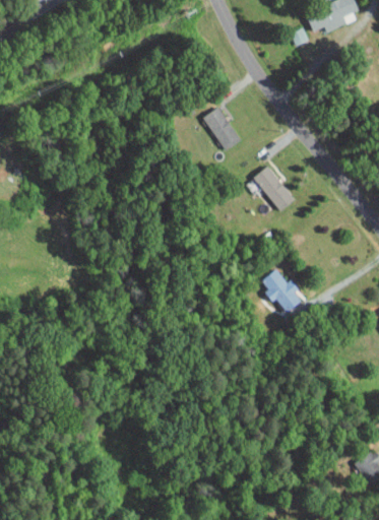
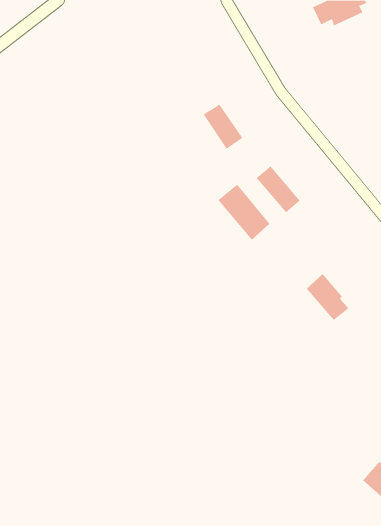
building: none -> [217,184,270,240]
building: [260,267,302,313] -> [306,273,349,321]

